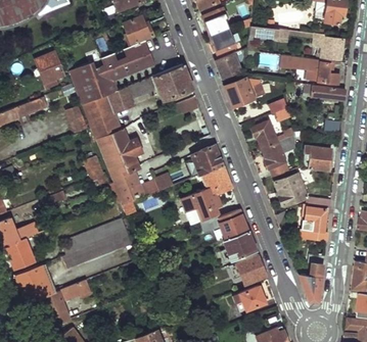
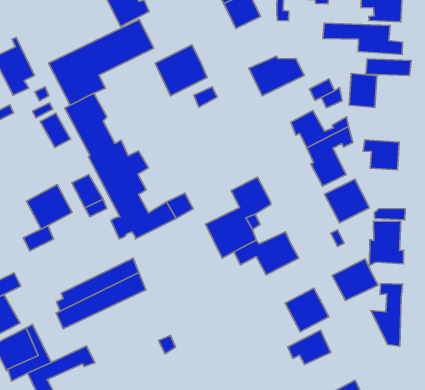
building: [215,52,246,85] -> none
building: [106,76,156,111] -> none
building: none -> [349,74,377,107]
building: [193,145,223,175] -> none
building: none -> [26,185,72,229]
building: [223,230,257,259] -> [332,259,378,300]

